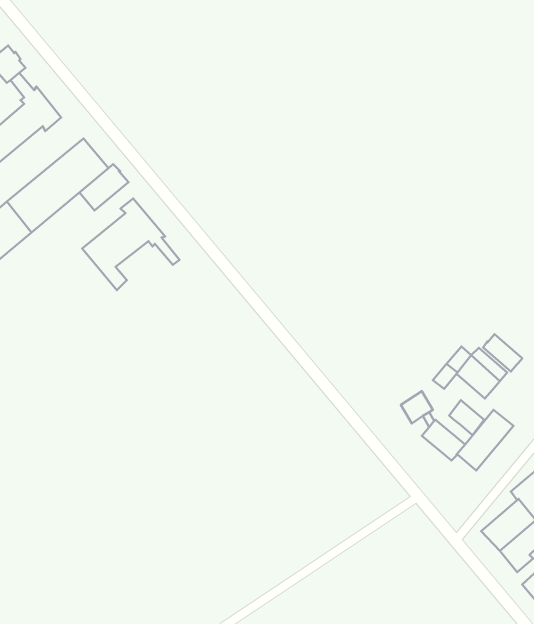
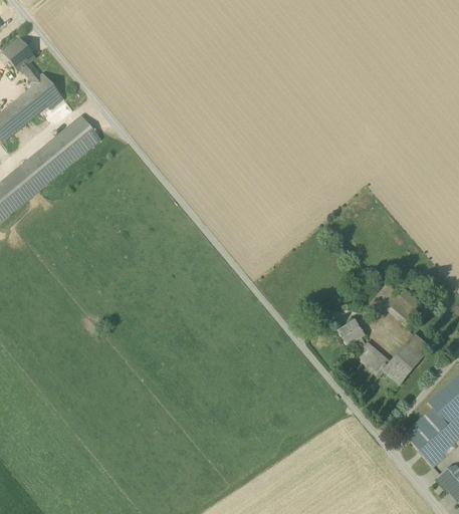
building: [79,164,128,210] -> none
building: [82,199,180,290] -> none
building: [483,334,522,372] -> none
building: [449,400,484,435] -> none

